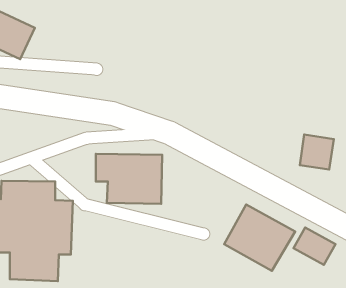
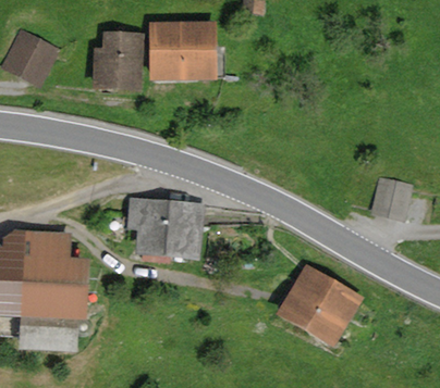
building: none -> [148,25,217,77]
building: none -> [88,33,139,96]
building: [294,228,335,265] -> none

